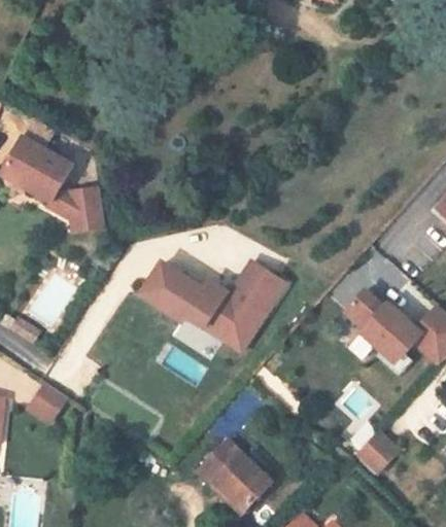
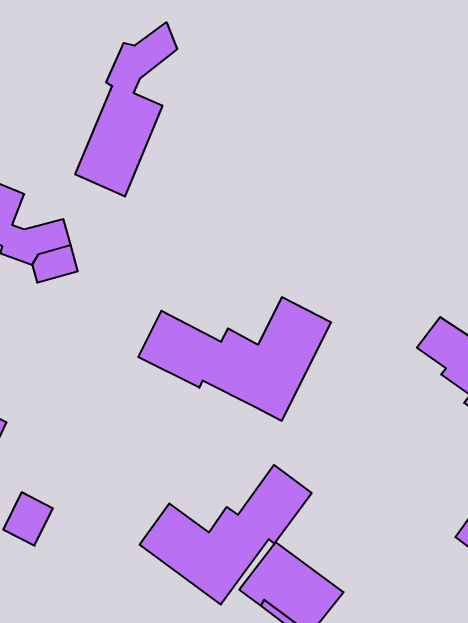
building: none -> [75,22,177,197]
building: none -> [140,465,312,605]

